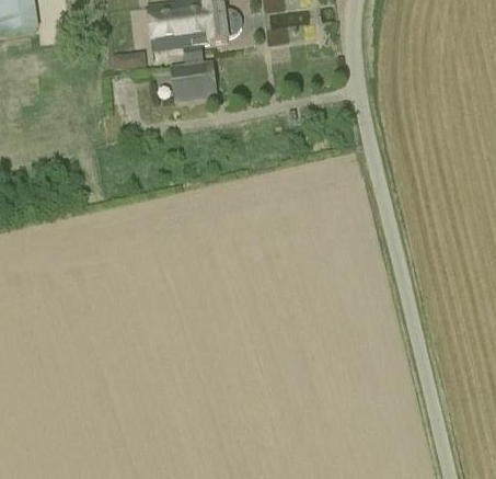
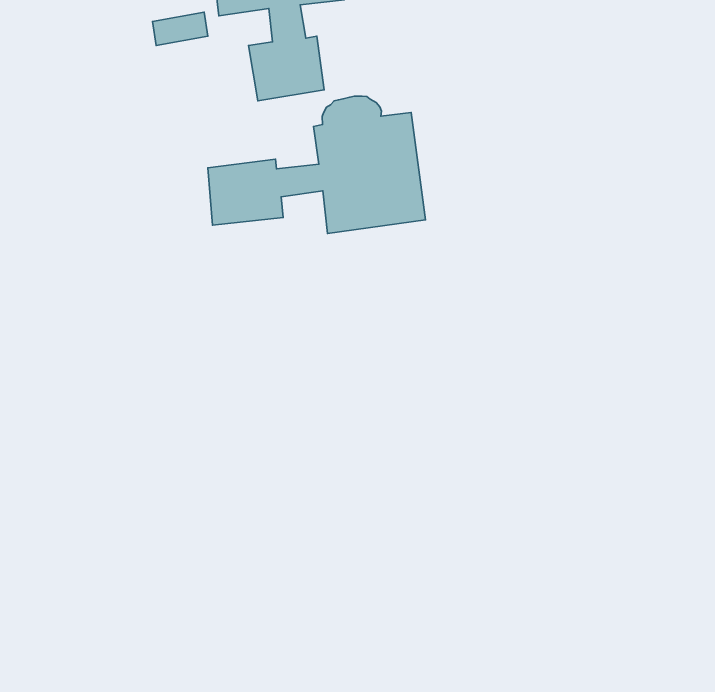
building: none -> [208,96,425,234]

